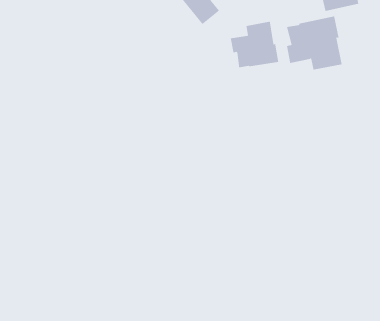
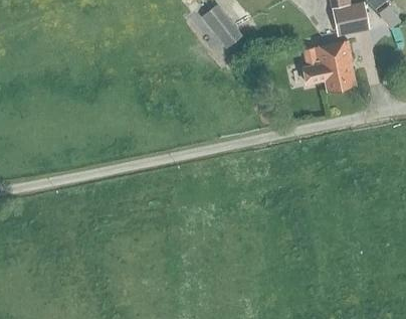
building: [230,21,279,68] -> none

